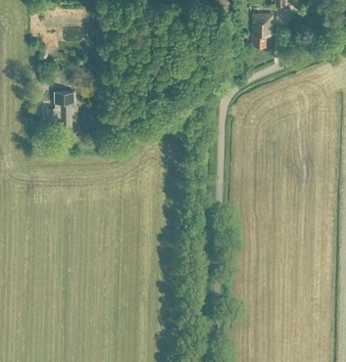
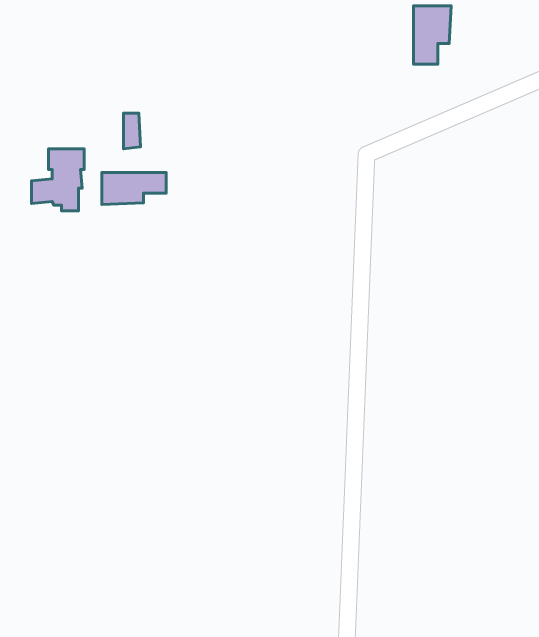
building: none -> [102,172,166,205]

